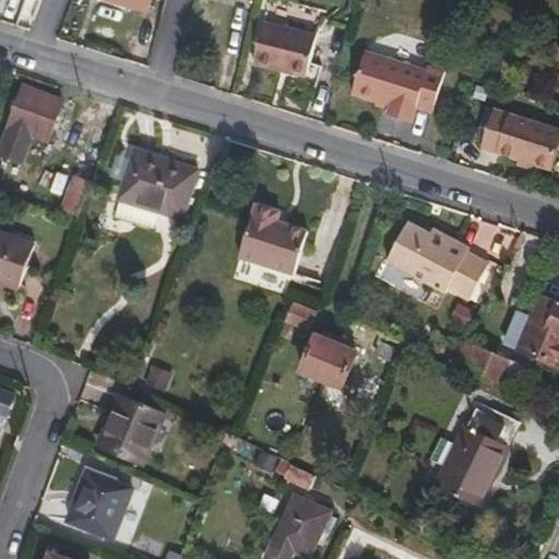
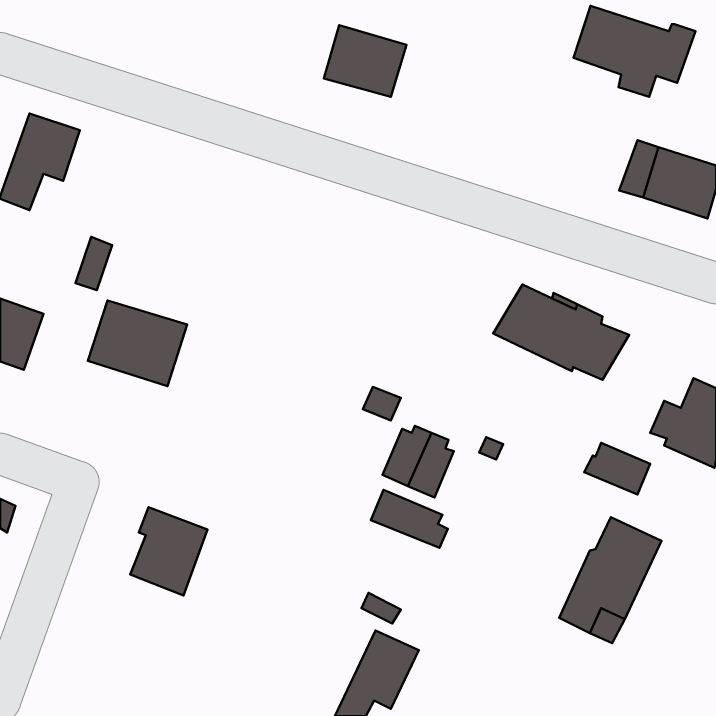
building: [352,50,447,121] -> [574,6,696,97]
building: [121,152,199,218] -> [88,301,187,386]
building: [235,207,306,277] -> none
building: none -> [371,490,448,548]
building: [70,474,138,543] -> none

